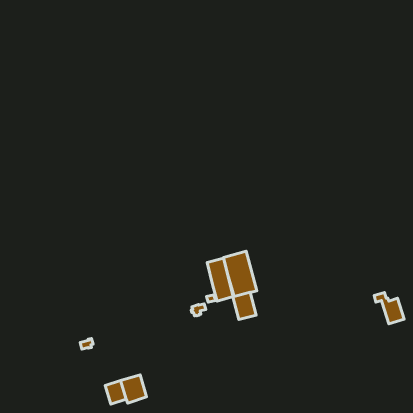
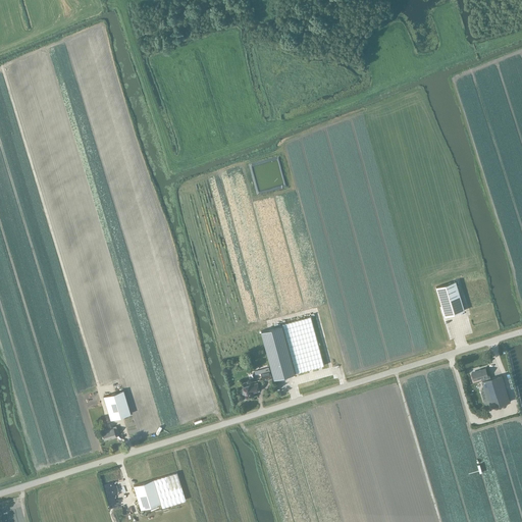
building: none -> [435,281,464,317]
building: [233,292,256,319] -> none
building: none -> [102,392,129,421]

